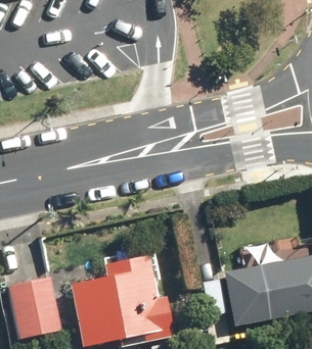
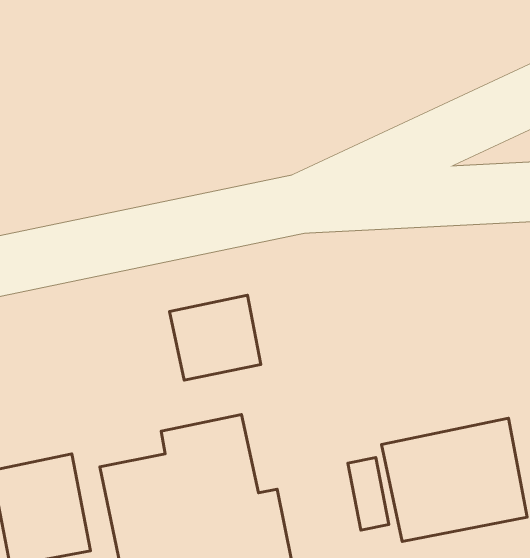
building: none -> [169,295,261,380]

